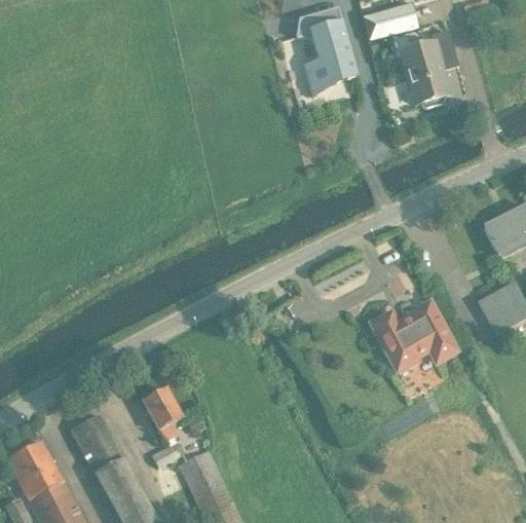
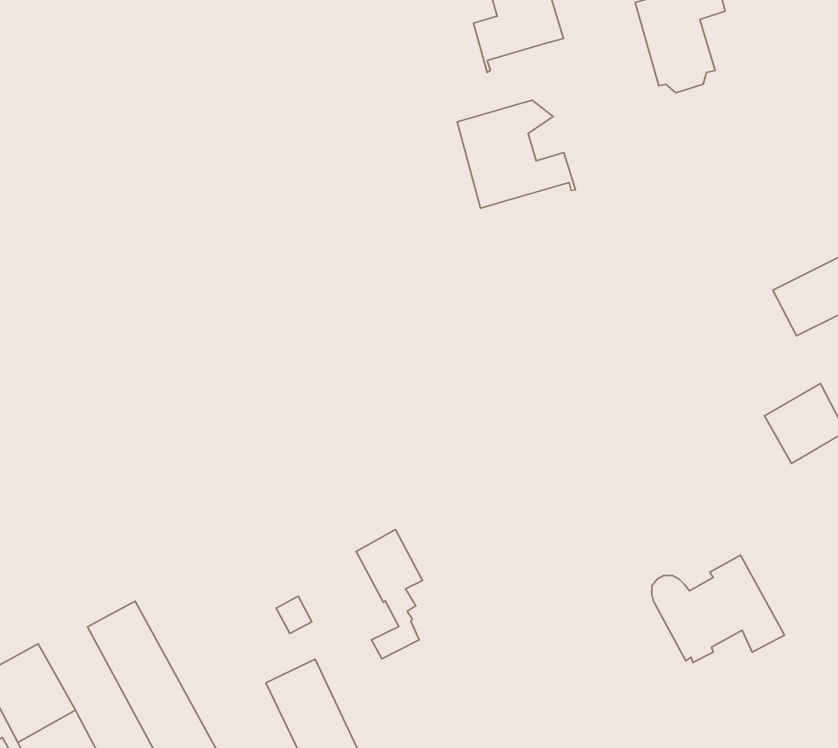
building: none -> [457,100,575,208]
building: [375,302,455,367] -> [652,555,785,662]
building: [142,387,182,465] -> [356,529,423,659]

